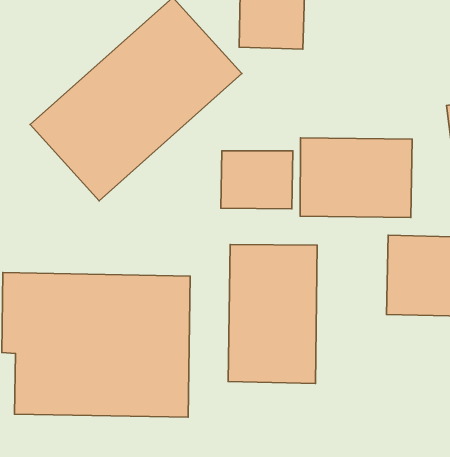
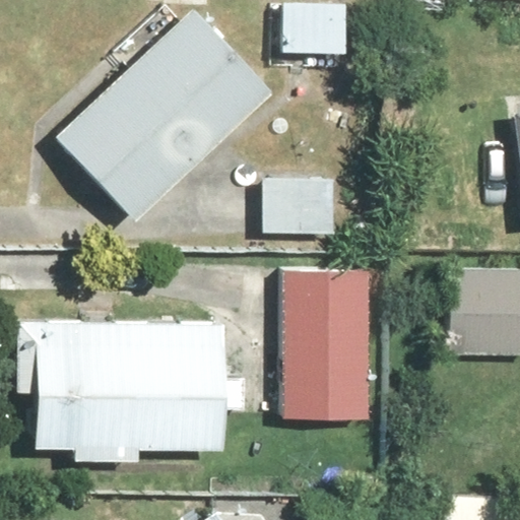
building: [300,138,412,218] -> none

